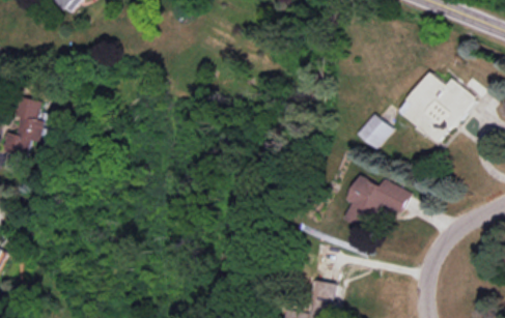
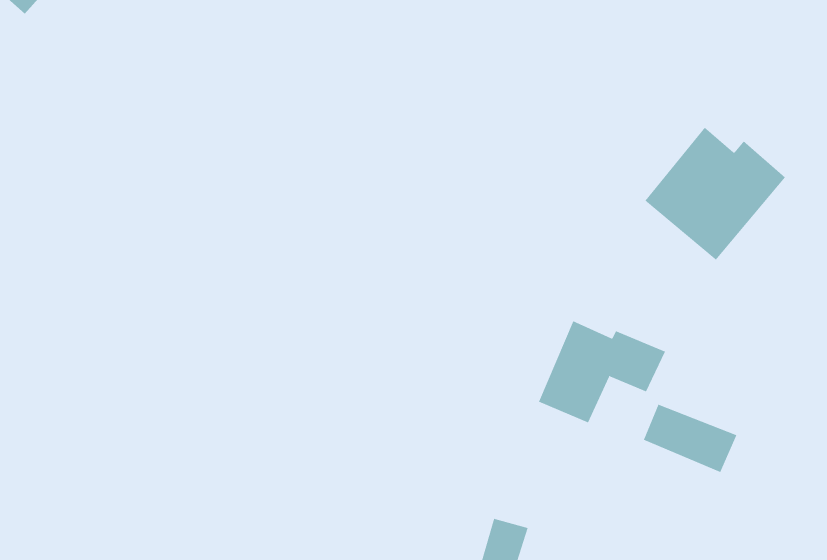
building: [357,113,392,148] -> none
building: none -> [643,404,737,473]

